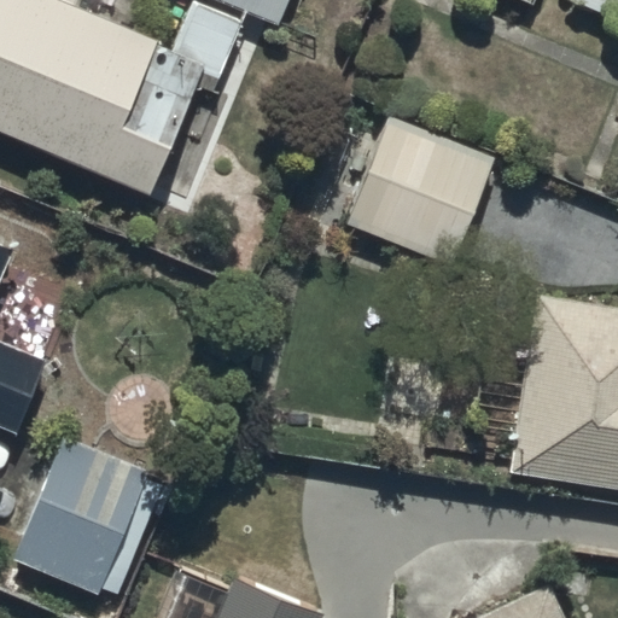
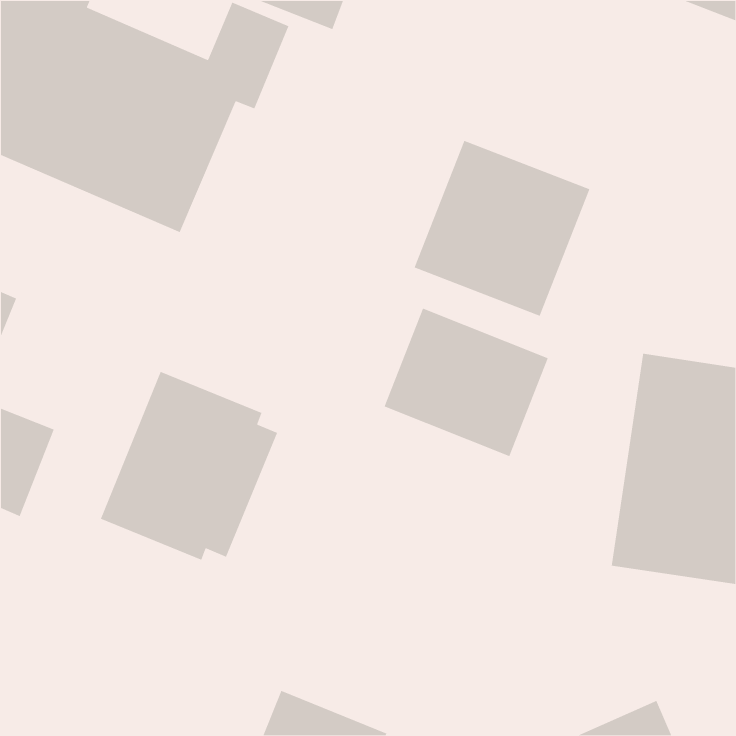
building: none -> [384,307,549,457]
building: [14,437,164,596] -> [100,371,278,561]

